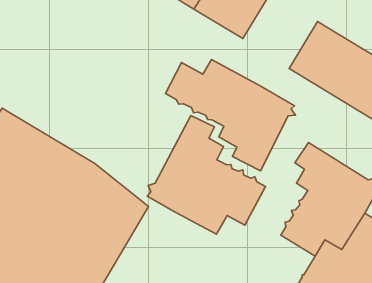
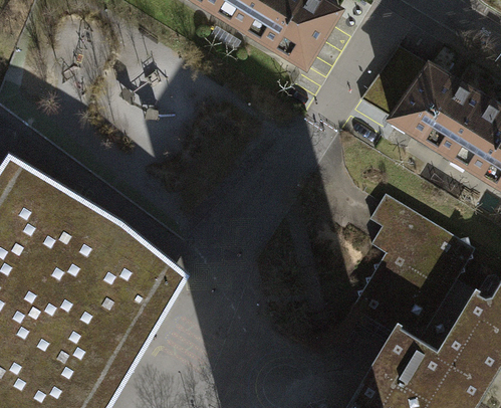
building: [165,59,295,171] -> none
building: [147,115,266,234] -> none

